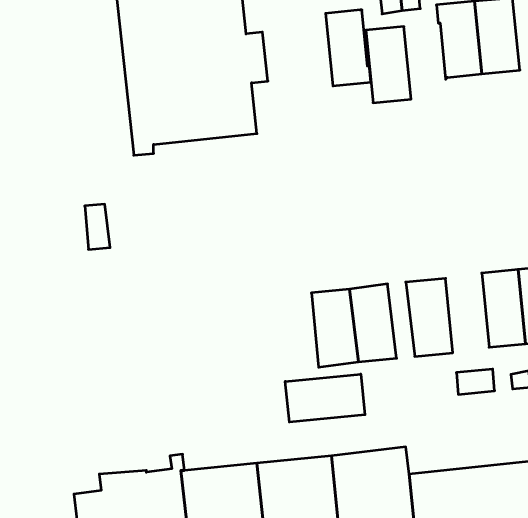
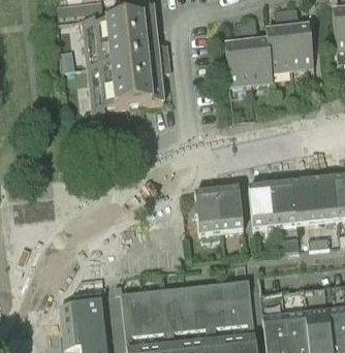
building: [326,10,371,86] -> [248,39,274,83]
building: none -> [272,182,296,227]
building: [285,374,365,422] -> none

